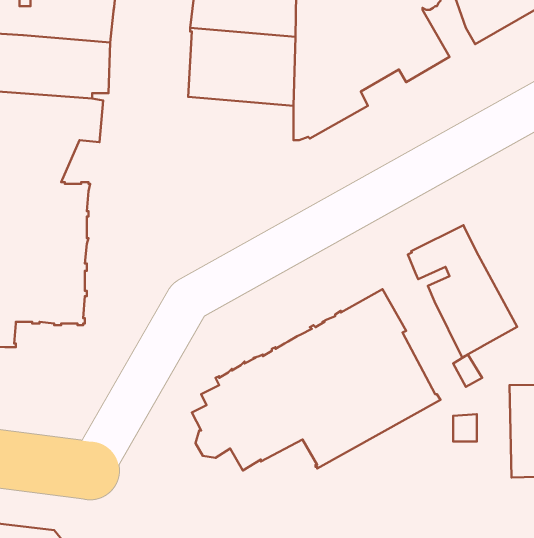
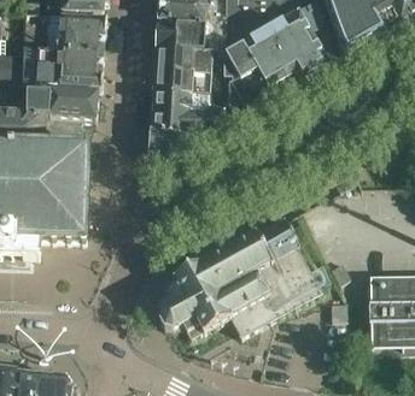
building: none -> [148,88,224,159]
building: [408,225,517,357] -> none

